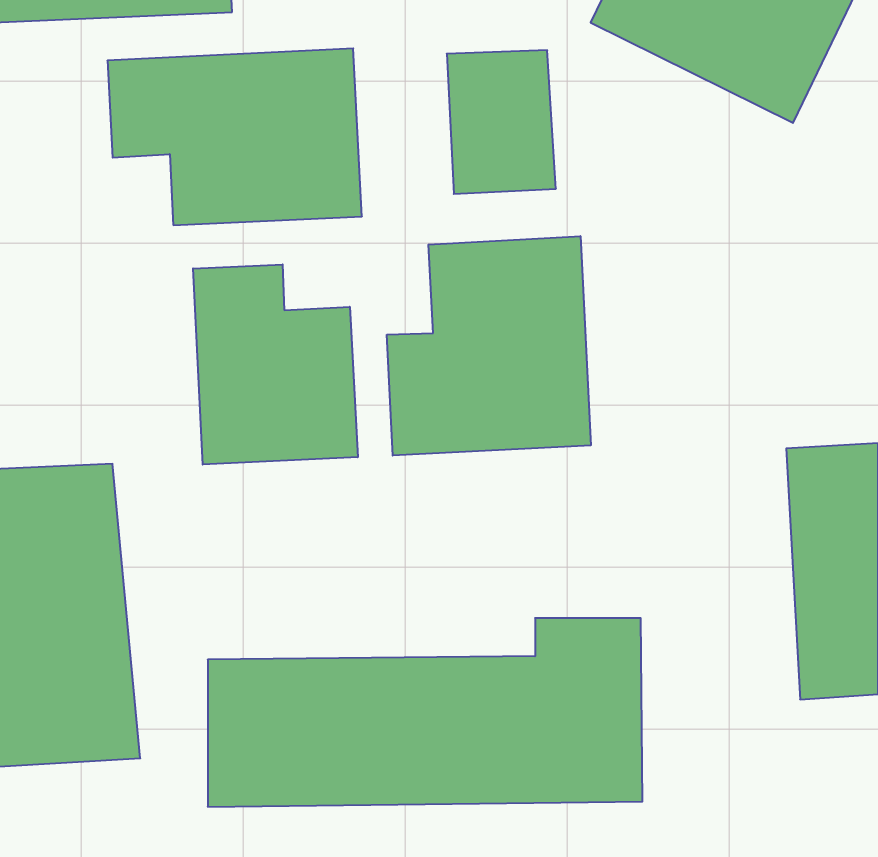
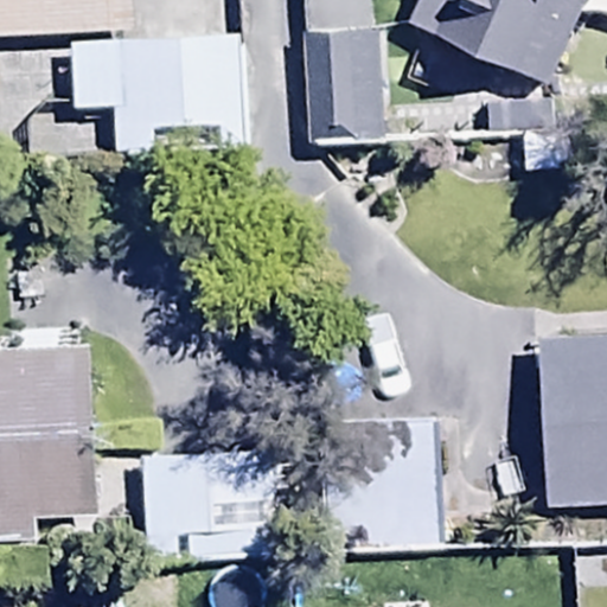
building: [387,236,591,456] -> none
building: [193,264,358,465] -> none

